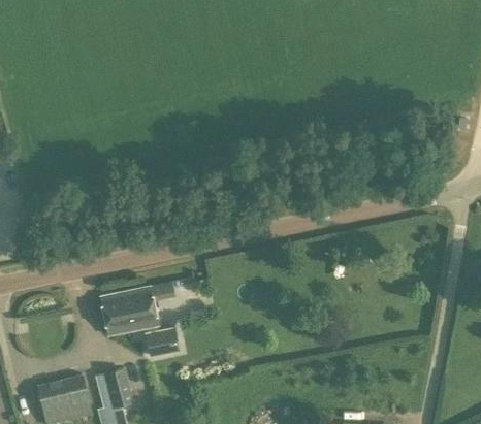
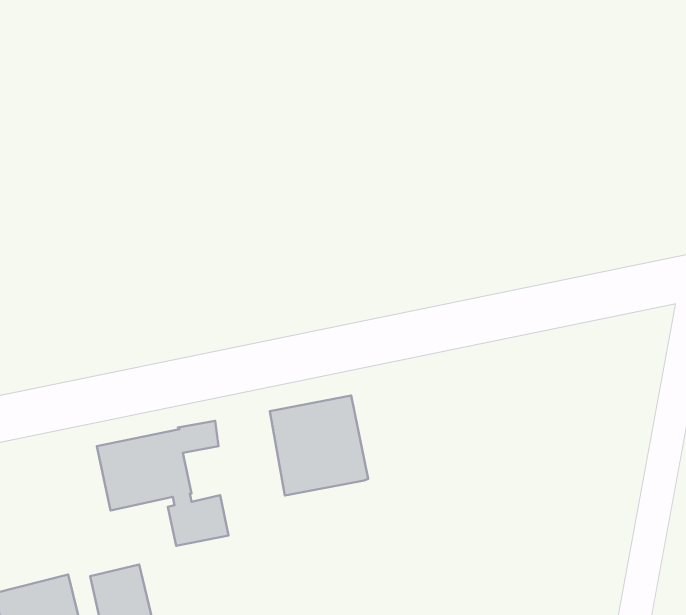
building: none -> [270,395,368,495]

